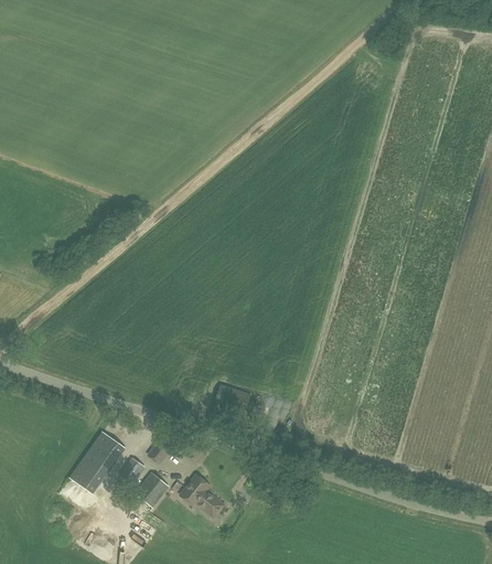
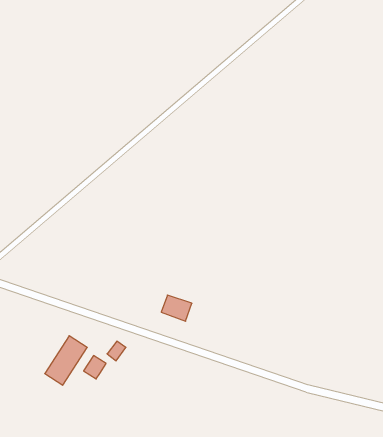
building: [133,471,168,506] -> none
building: [179,473,223,517] -> none

